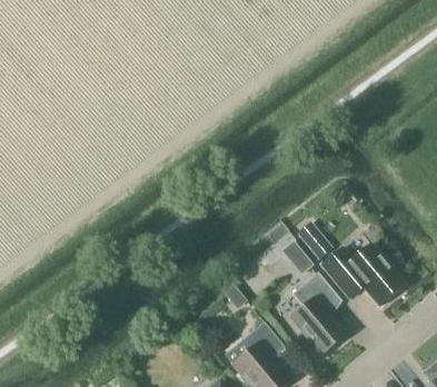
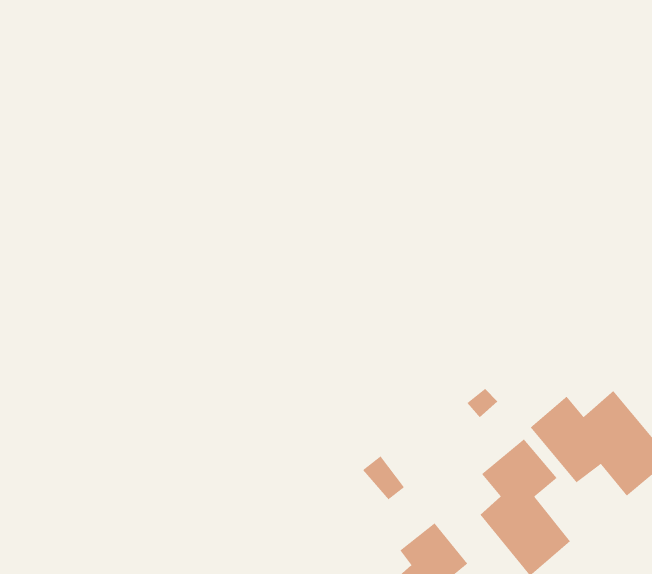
building: [295,220,332,259] -> none

